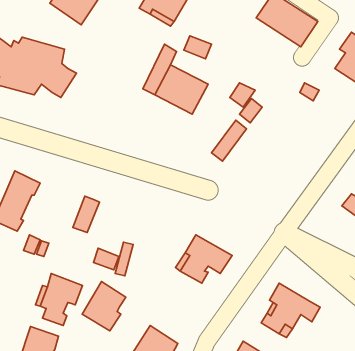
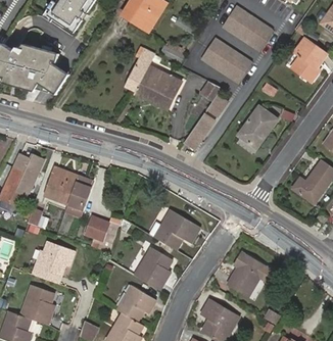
building: none -> [200,37,252,83]
building: none -> [236,104,276,146]
building: none -> [43,167,77,203]
building: [82,281,126,331] -> [136,248,173,290]

